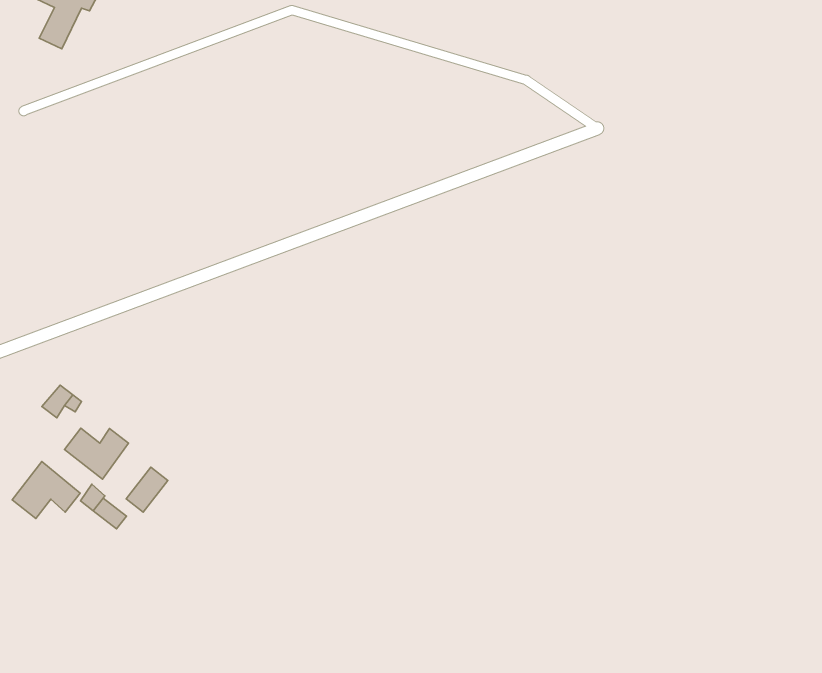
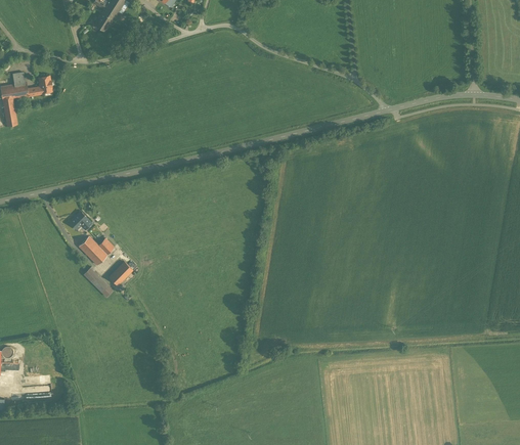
building: [12,462,80,518] -> none

